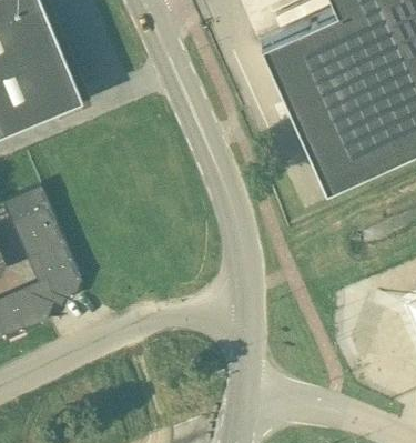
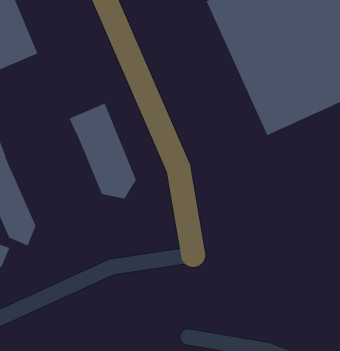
building: none -> [69,103,137,199]

